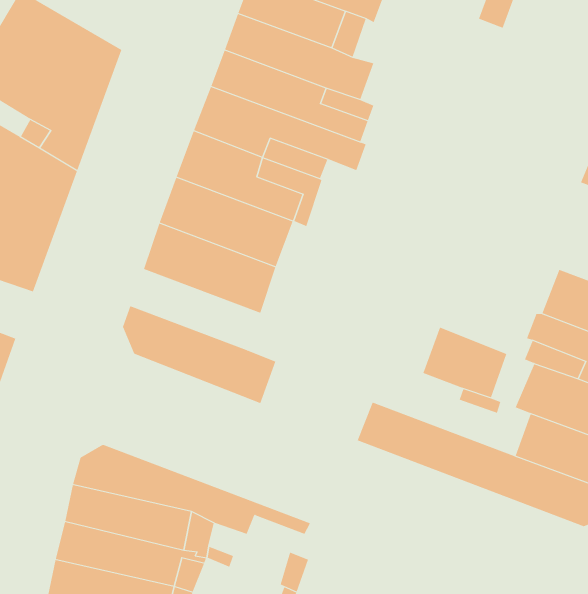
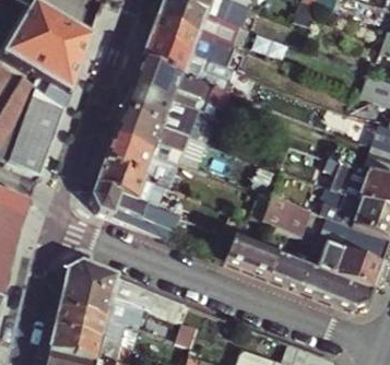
building: none -> [95,162,169,208]

